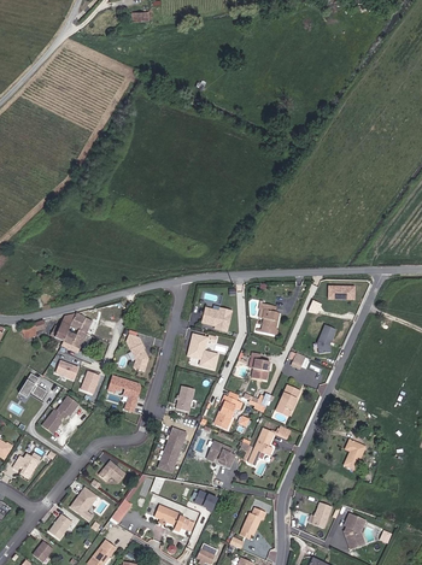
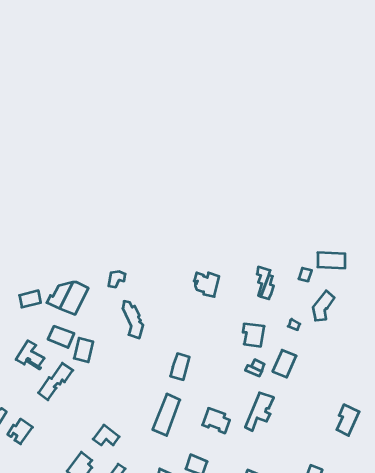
building: [187,334,217,367] -> none
building: [107,376,140,412] -> none
building: [216,394,246,429] -> none

